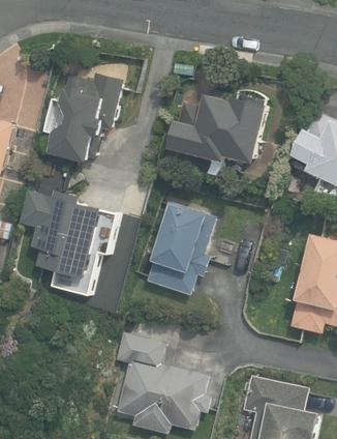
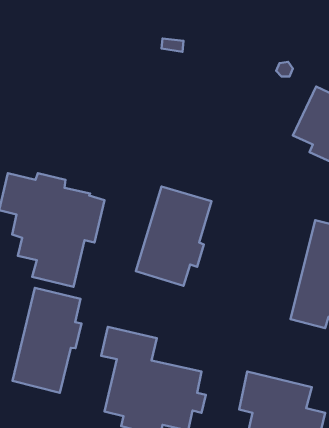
building: [42,74,123,165] -> none
building: [175,89,268,164] -> none
building: none -> [12,288,81,393]

